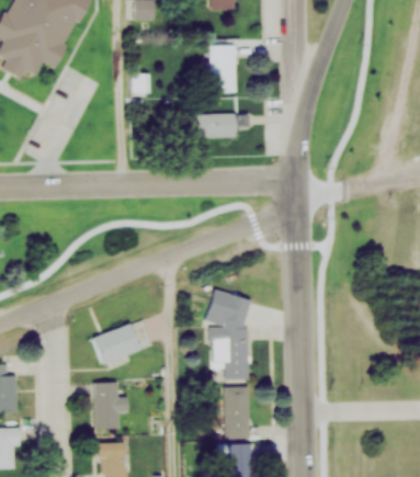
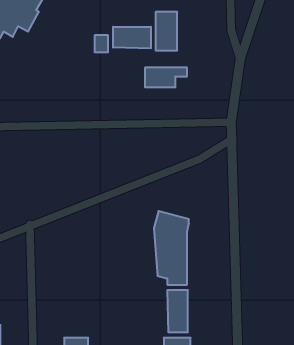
building: none -> [113,27,151,48]
building: [90,319,155,364] -> none
building: [94,382,118,430] -> none

